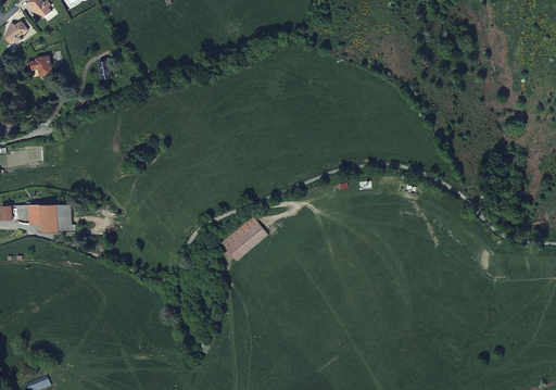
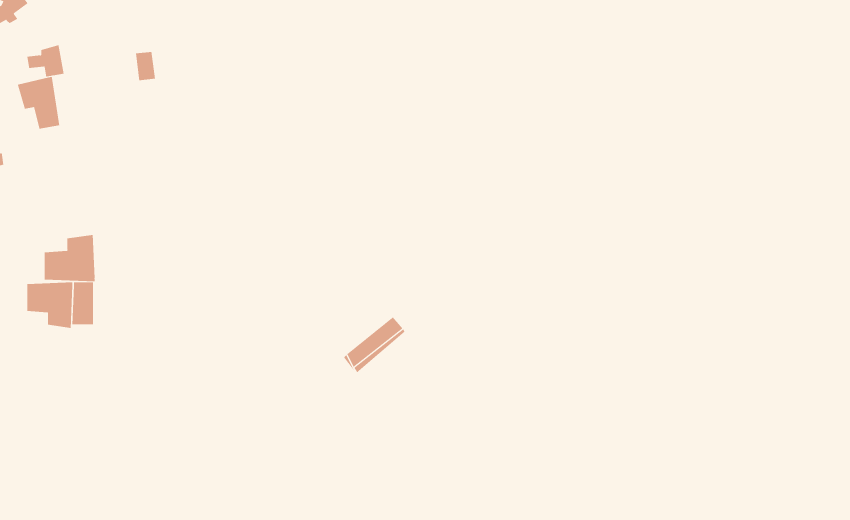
building: none -> [17,76,60,130]
building: none -> [44,234,95,282]

